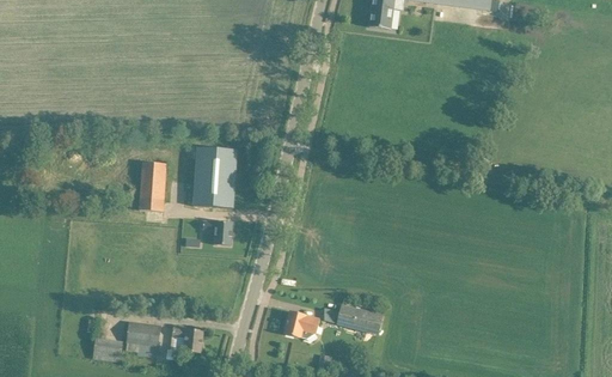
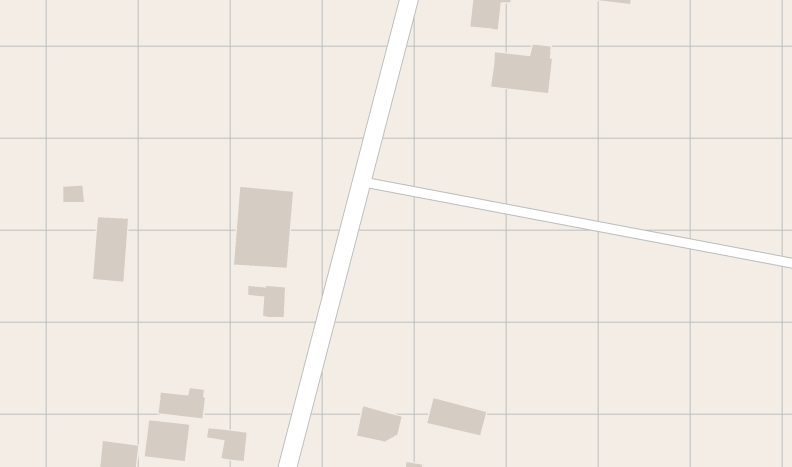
building: none -> [490,44,552,94]
building: [139,162,166,211] -> [92,217,129,282]
building: none -> [158,388,205,419]

